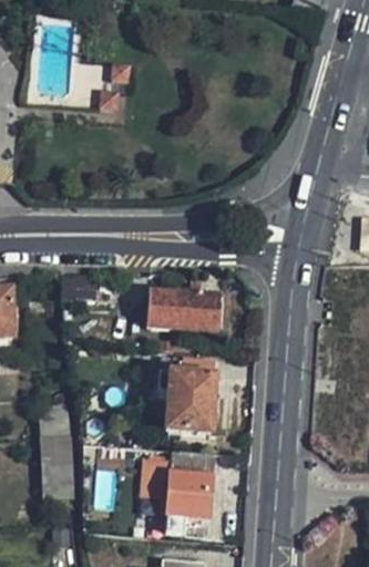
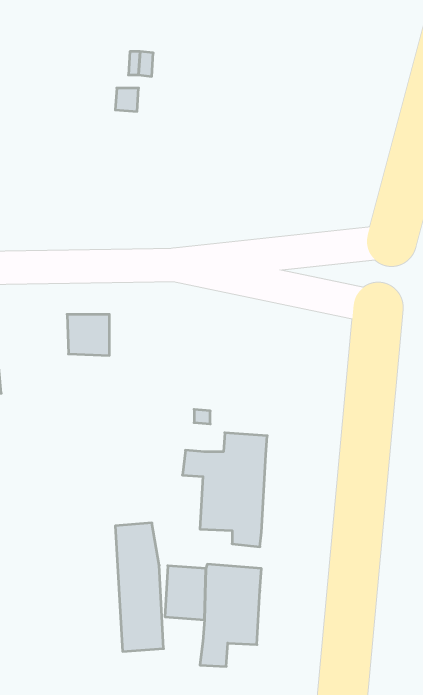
building: [144,290,218,332] -> none
building: [38,400,74,497] -> [115,523,164,651]

